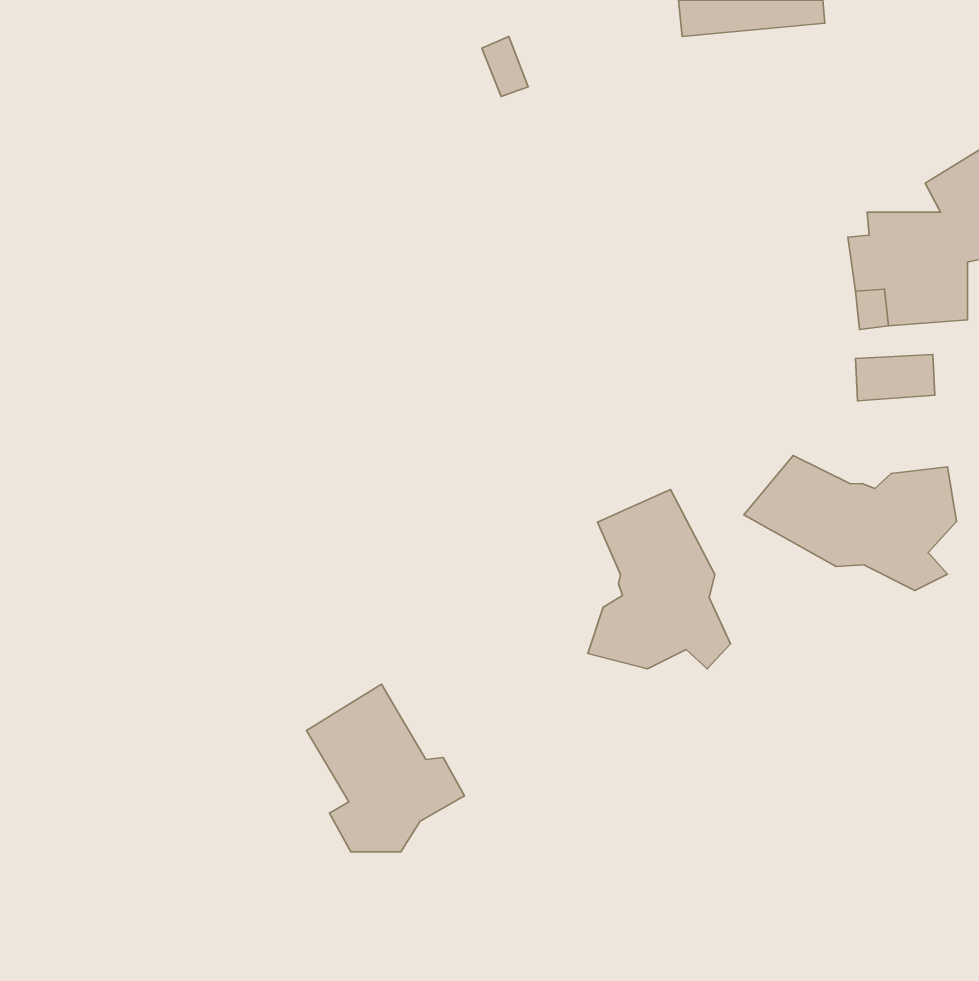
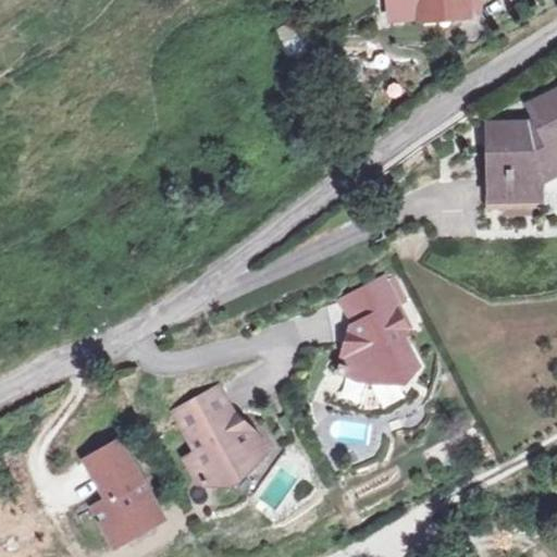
building: [744,456,956,591] -> none
building: none -> [91,435,169,541]

